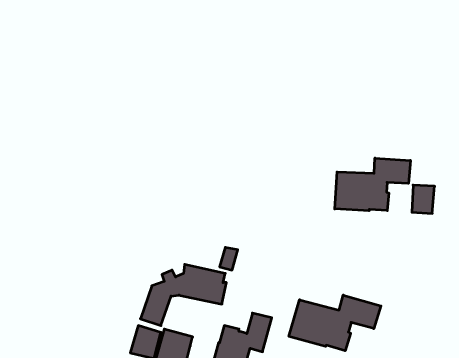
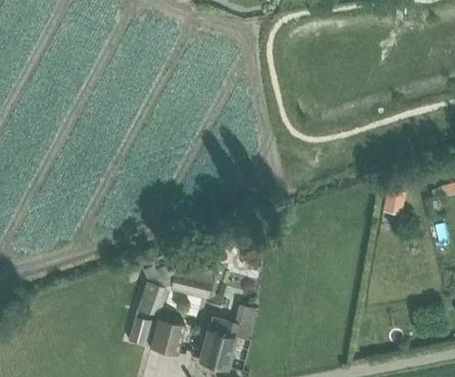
building: [335,158,410,211] -> none
building: [289,295,381,351] -> none

